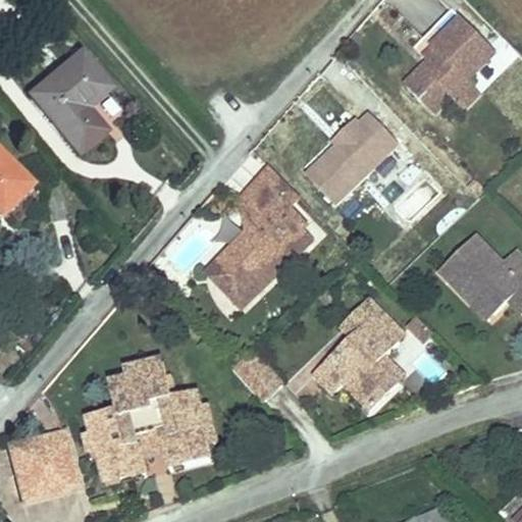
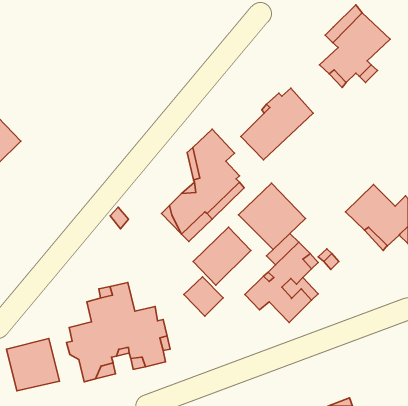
building: [31,51,109,152] -> none
building: none -> [239,183,306,250]
building: none -> [193,227,251,285]

